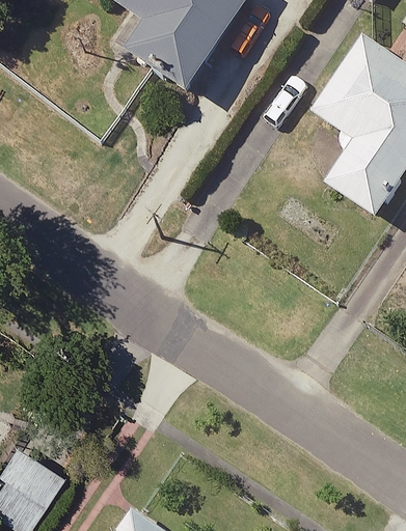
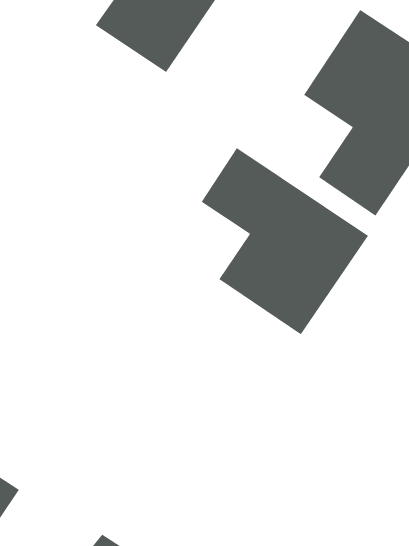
building: none -> [201,147,369,335]

